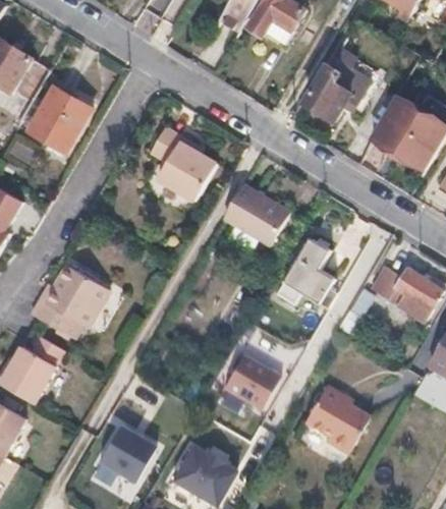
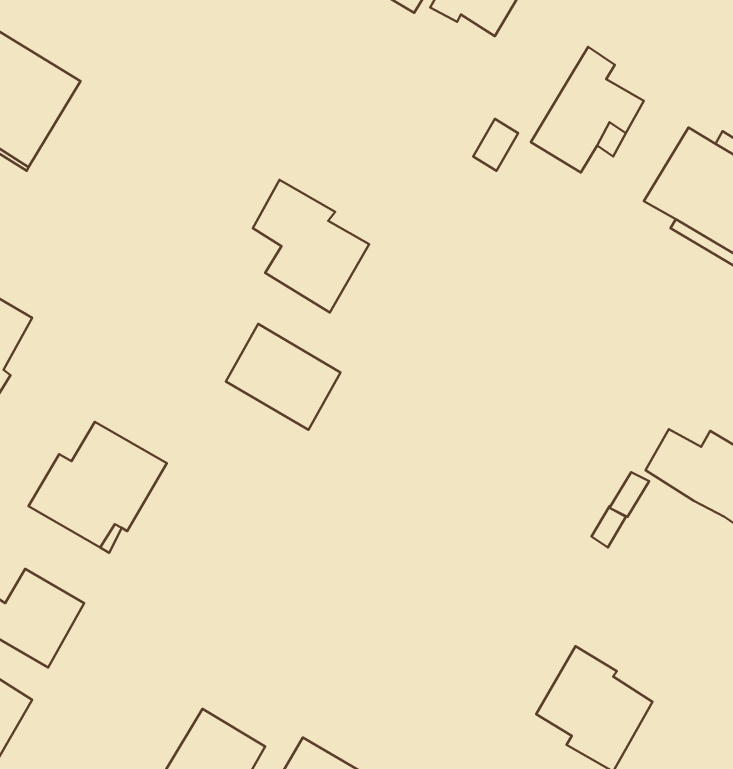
building: [33,84,93,151] -> none
building: [225,185,290,245] -> [226,324,341,430]
building: [274,236,336,301] -> none
building: [211,349,281,412] -> none

